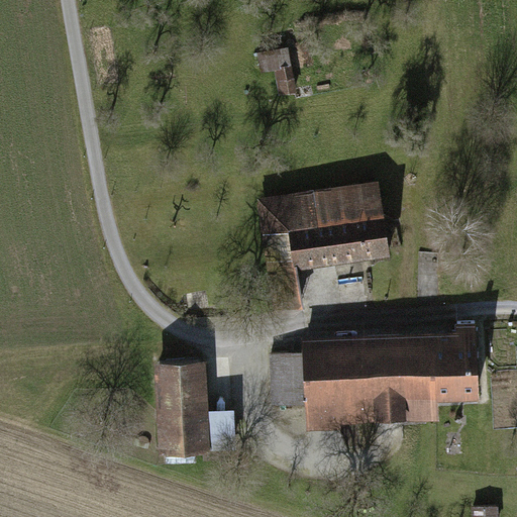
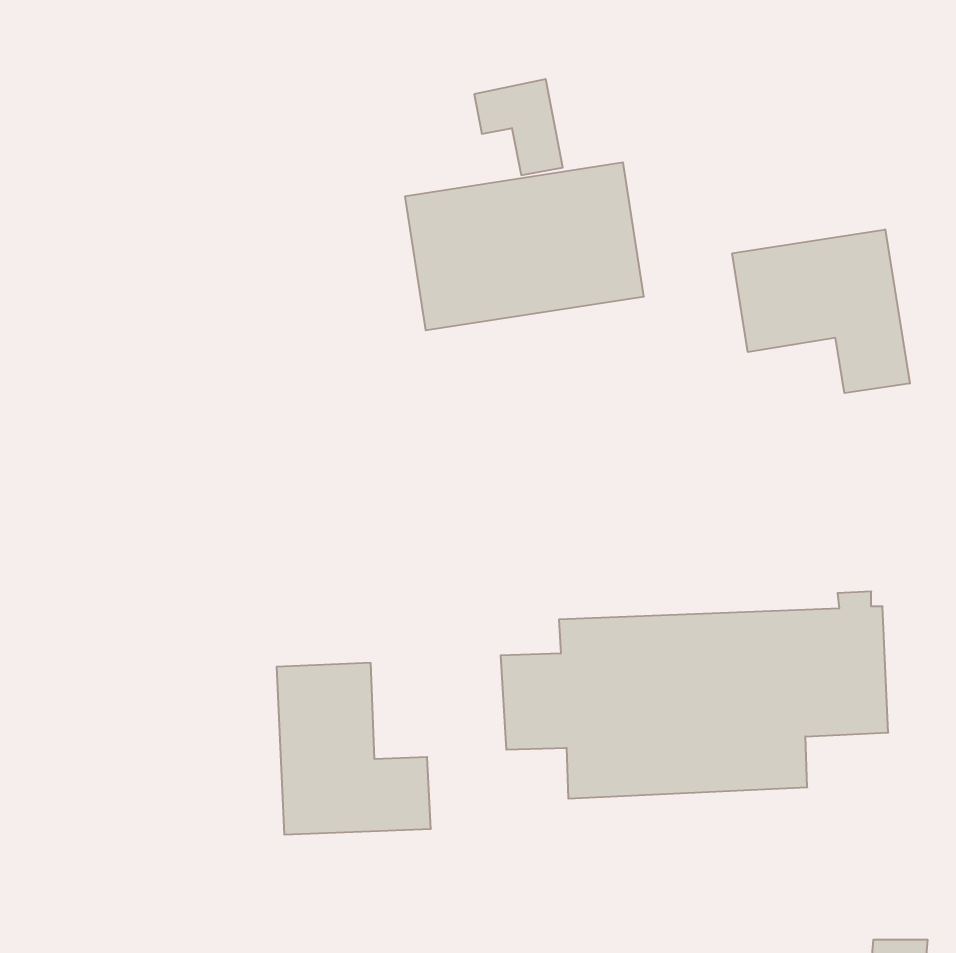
building: none -> [732,229,910,393]
building: [262,184,390,274] -> [405,163,644,330]

